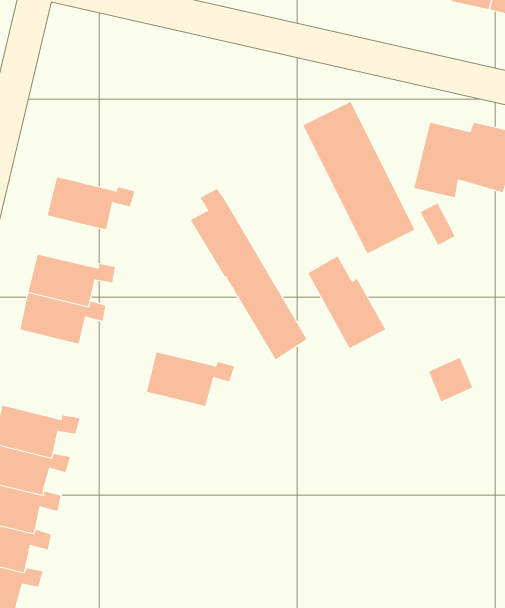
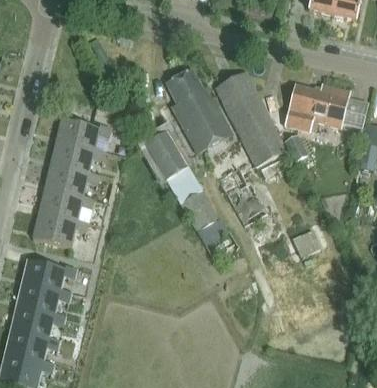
building: none -> [166,68,232,152]
building: none -> [50,141,105,174]
building: [146,352,235,406] -> [33,212,88,246]

